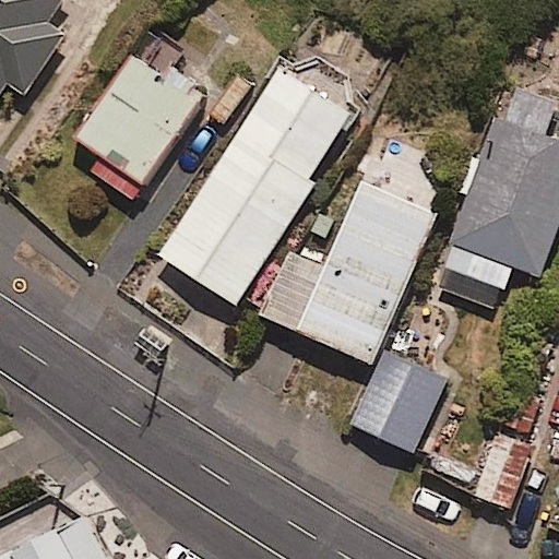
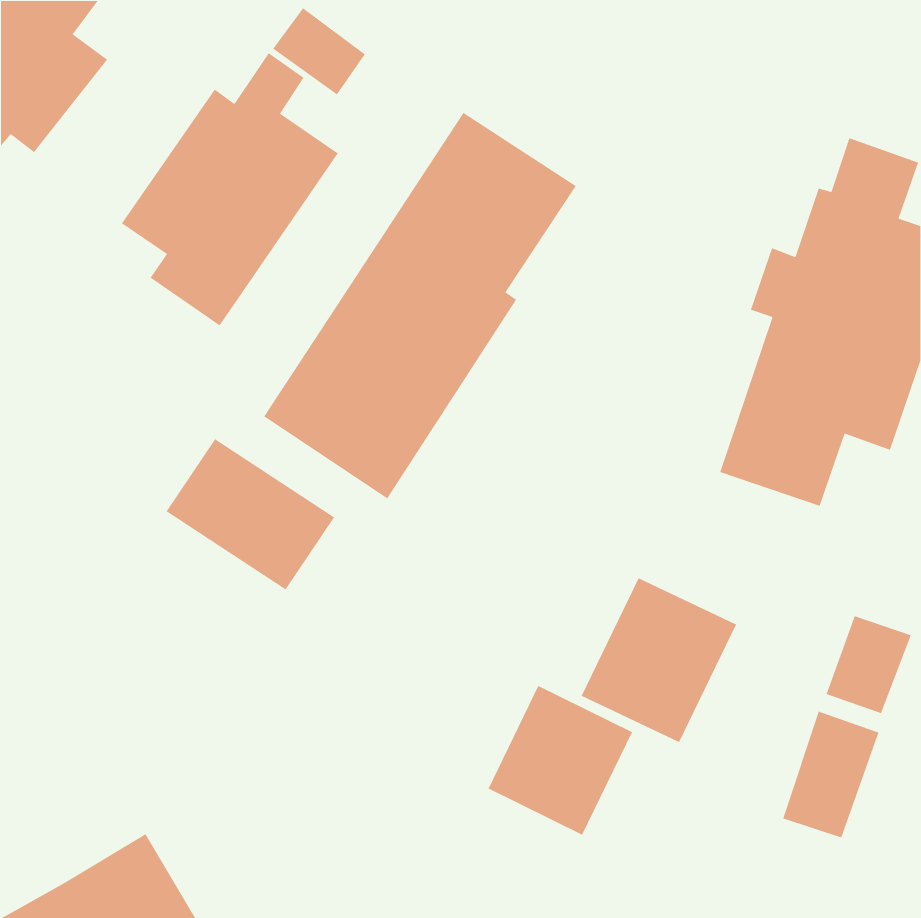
building: [259,181,436,364] -> none
building: none -> [165,438,335,591]
building: none -> [487,685,633,836]

